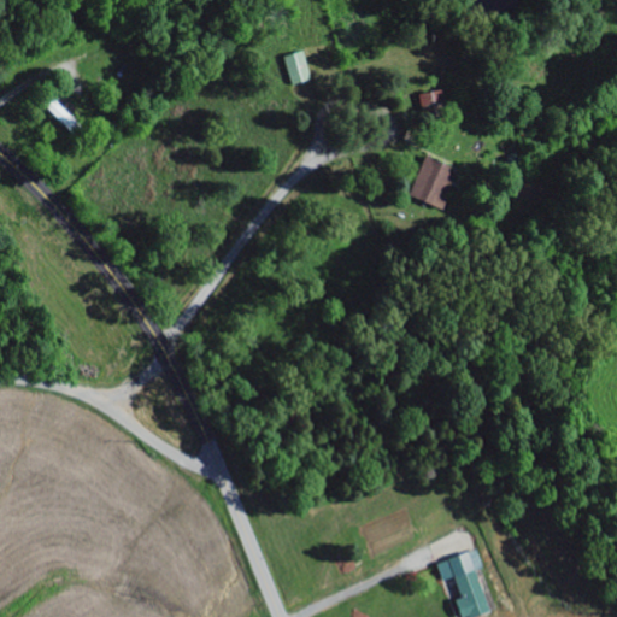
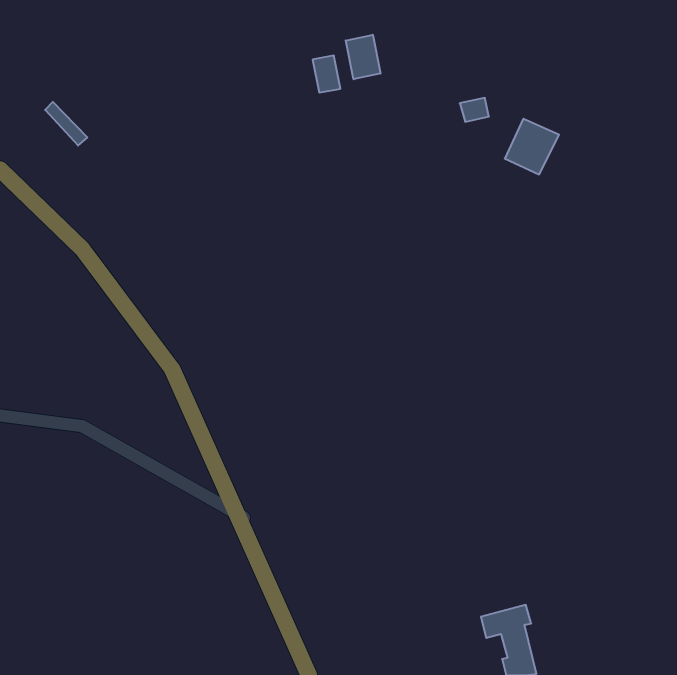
building: none -> [346,35,380,79]
building: [409,158,458,208] -> [505,119,559,174]

